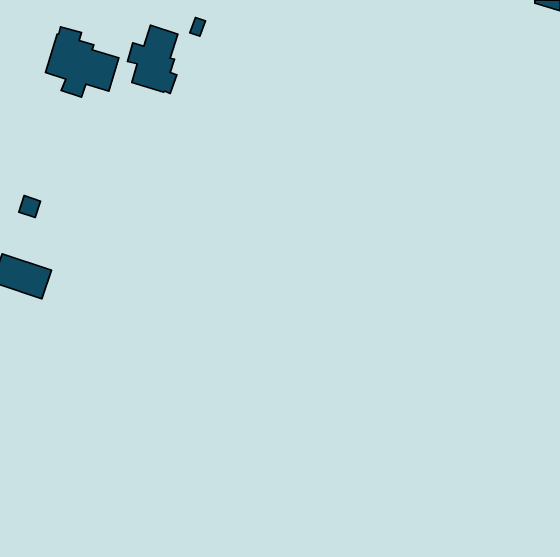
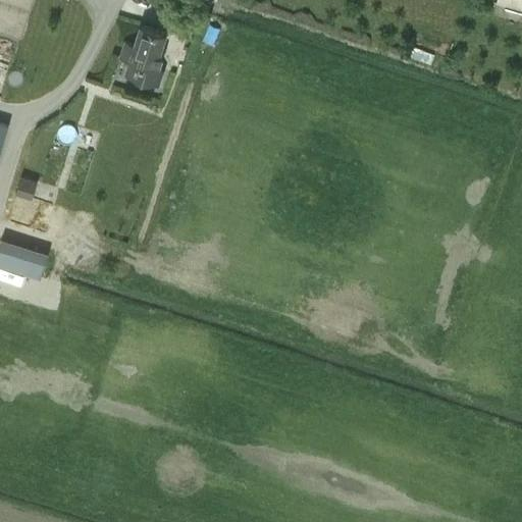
building: [45,27,119,97] -> none

